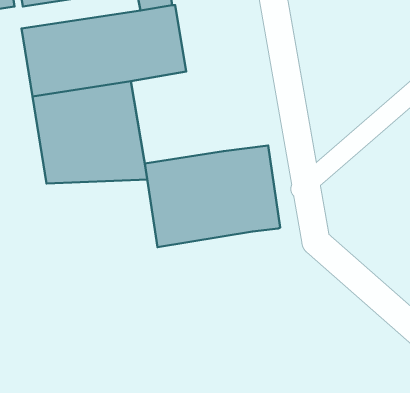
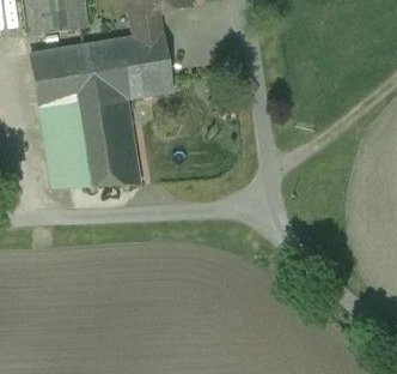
building: [145,146,280,247] -> none

